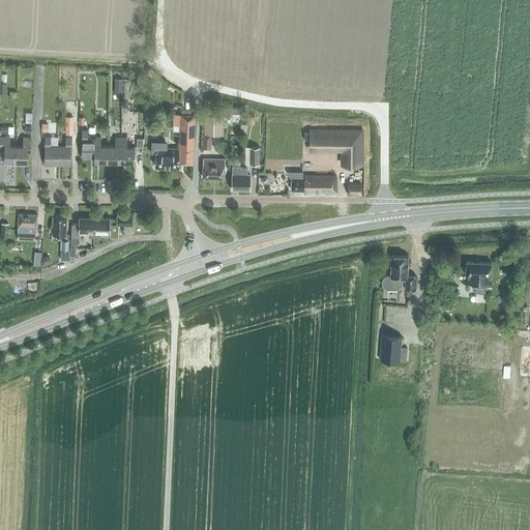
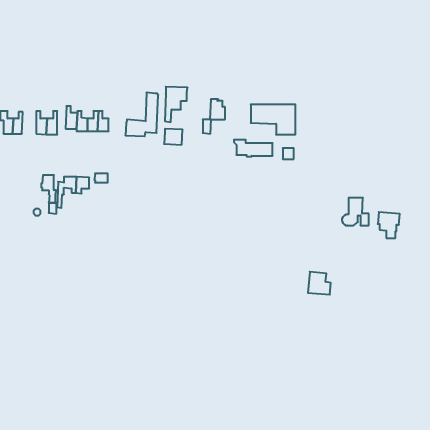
building: [231,166,249,190] -> [210,99,225,119]
building: [18,213,37,239] -> none
building: [382,256,415,290] -> [342,198,369,225]

